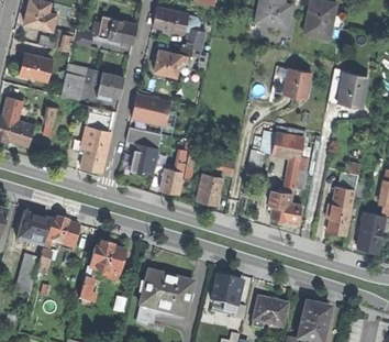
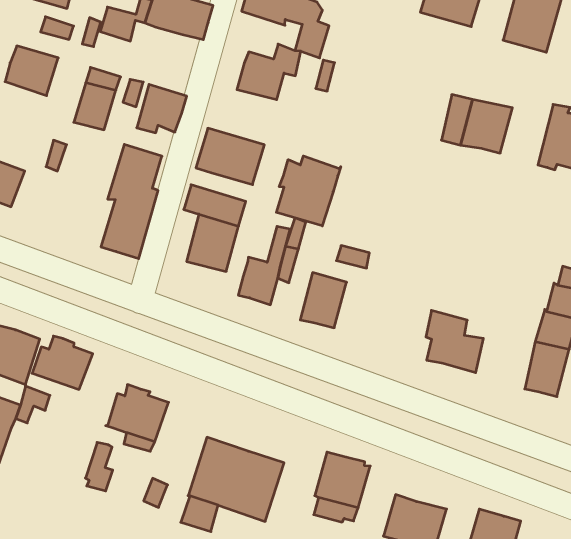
building: none -> [276,156,341,226]
building: [273,134,308,189] -> none

